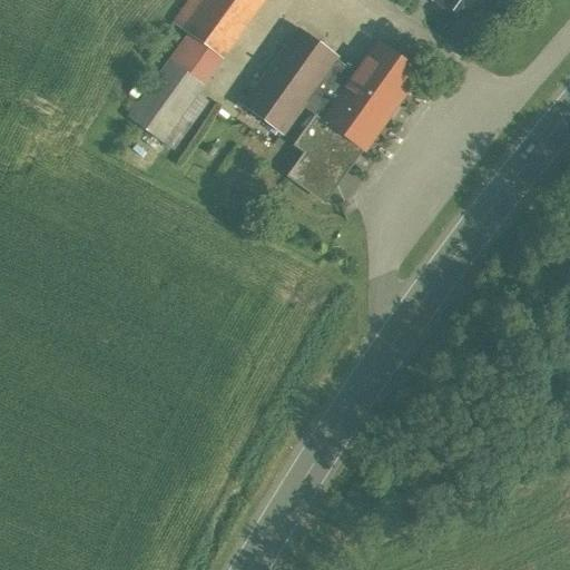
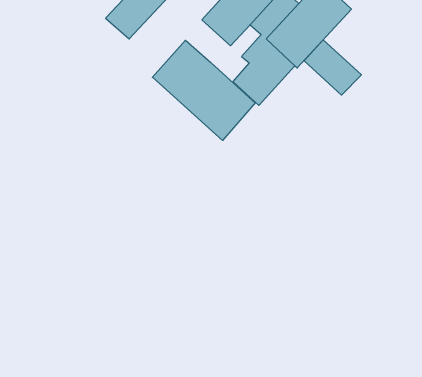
building: none -> [304,40,361,95]
building: none -> [152,40,256,140]

